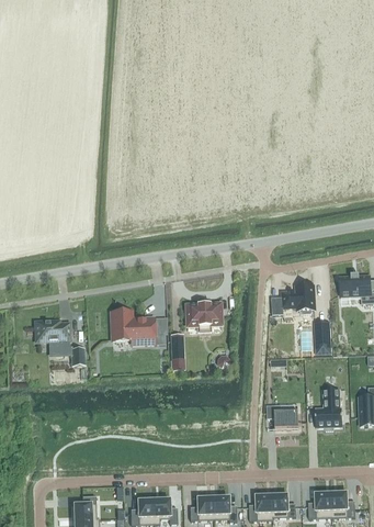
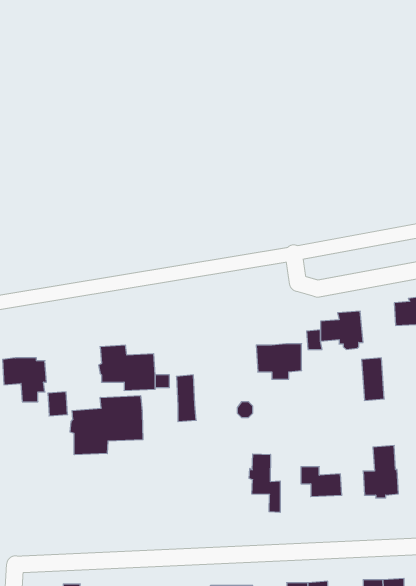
building: [185,303,220,330] -> [256,344,302,379]
building: none -> [70,396,143,455]
building: none -> [249,454,280,512]

